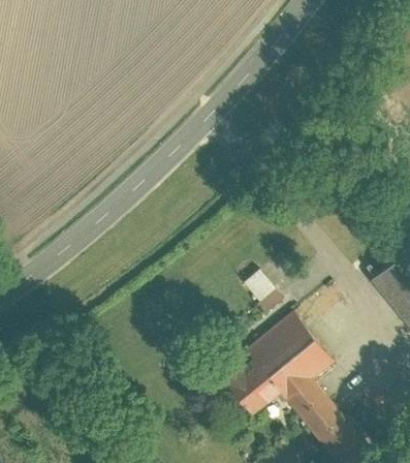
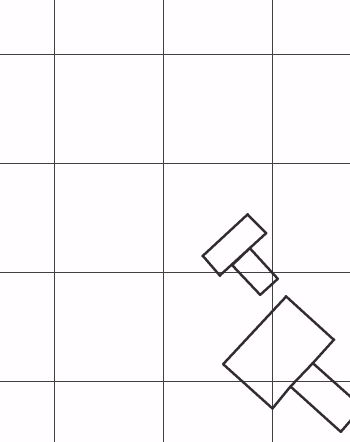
building: none -> [203,214,266,276]

